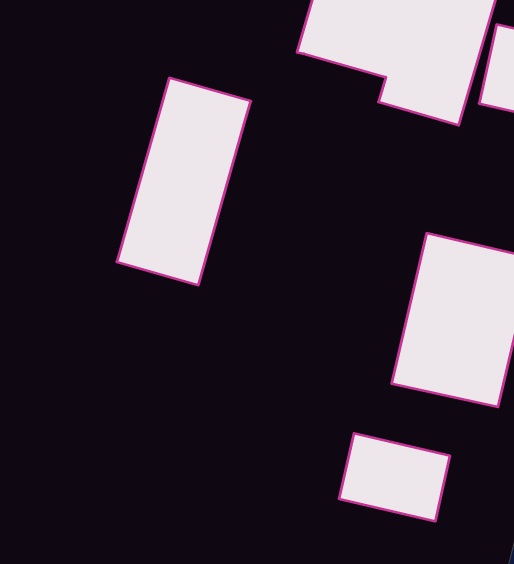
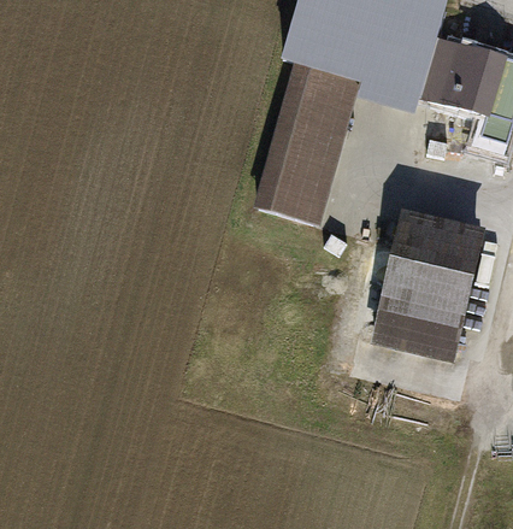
building: [117,78,251,285] -> [250,61,361,233]
building: [339,433,450,521] -> none

